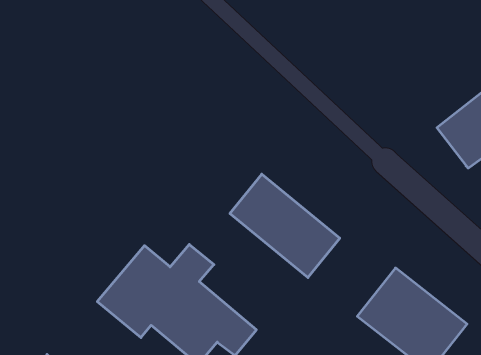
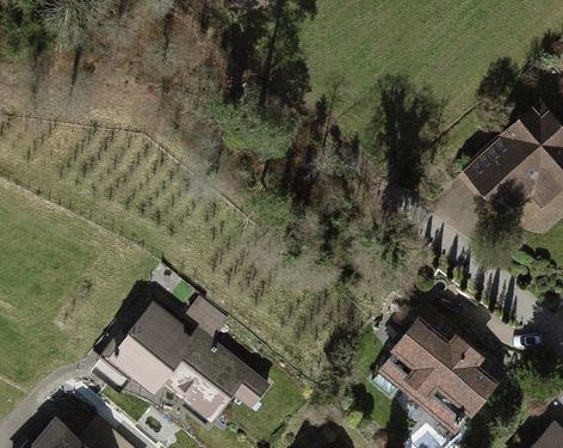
building: [230,174,340,278] -> none

